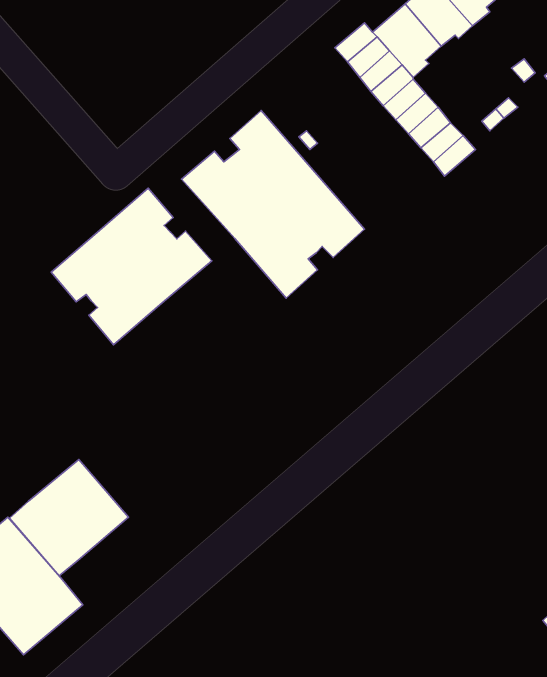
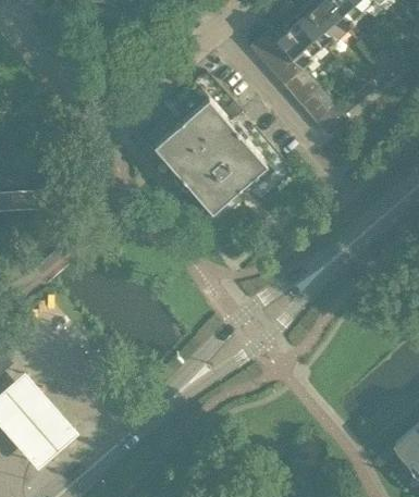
building: [51,188,212,345] -> none
building: [10,459,129,576] -> none

